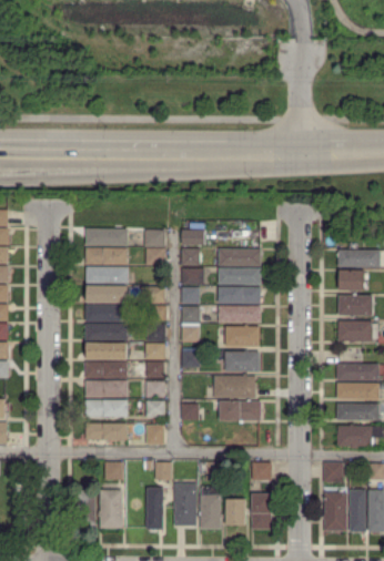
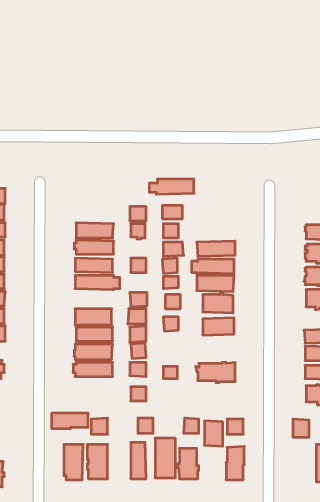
building: [85,230,128,245] -> none
building: [211,248,260,265] -> [149,179,194,194]
building: [84,324,127,339] -> none
building: [213,375,255,398] -> none
building: [87,422,127,439] -> [52,413,88,428]
building: [323,492,345,530] -> none
building: [225,498,245,526] -> [204,421,223,446]

